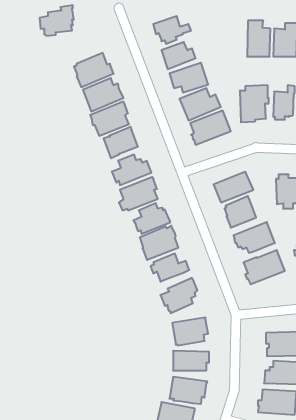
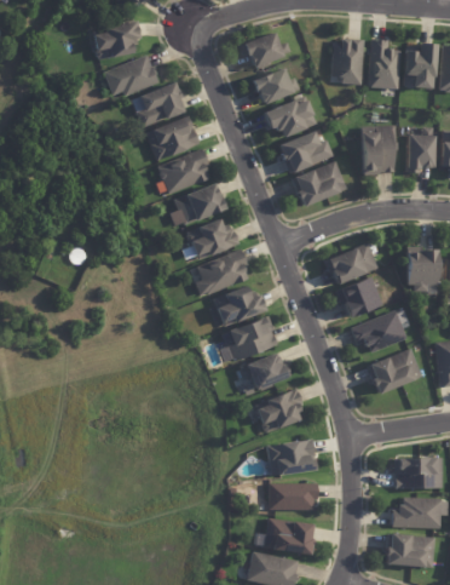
building: none -> [330,39,364,85]
building: none -> [102,55,157,96]

